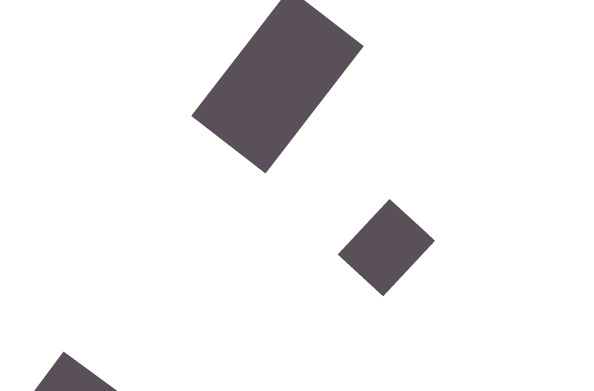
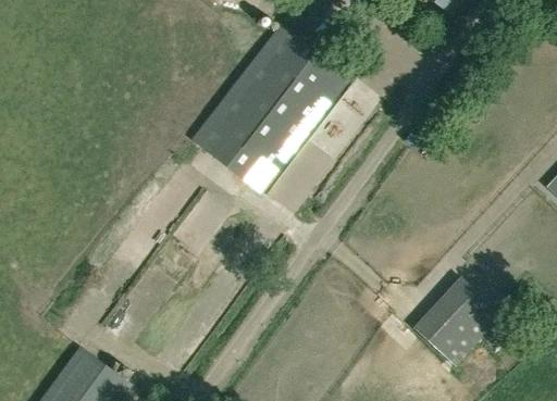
building: [337,198,436,297] -> [414,277,503,365]

